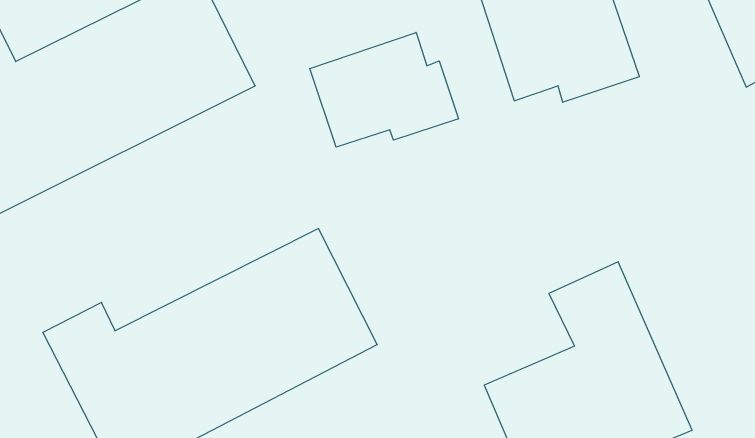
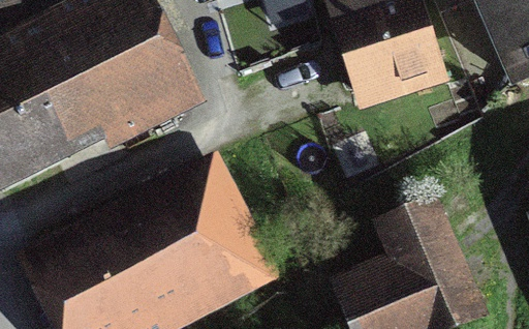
building: [310,32,458,147] -> none

